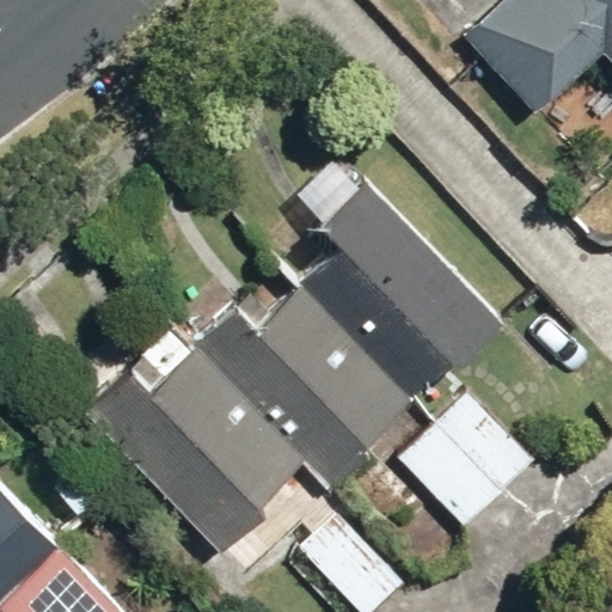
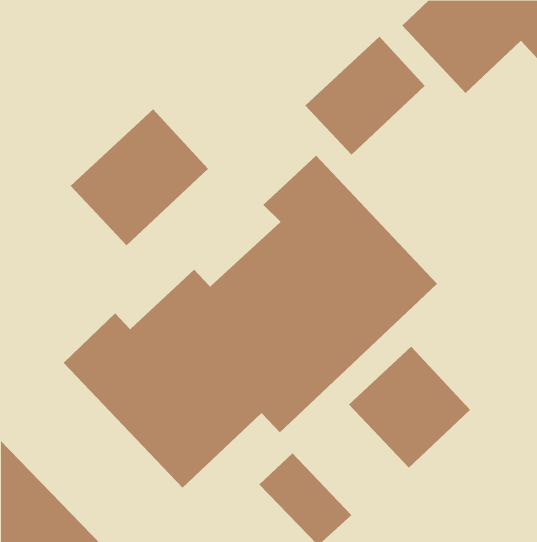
building: none -> [305,36,426,155]
building: none -> [70,109,209,246]

